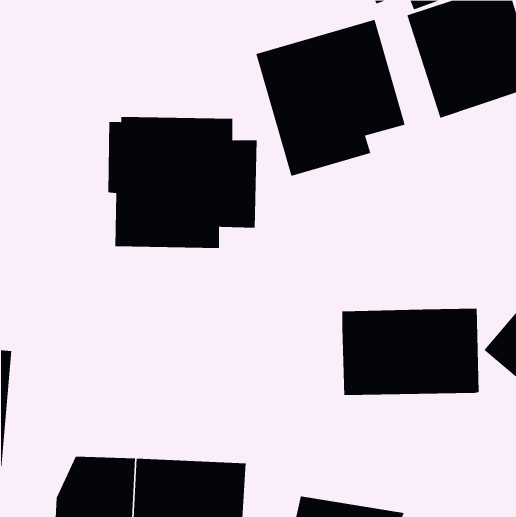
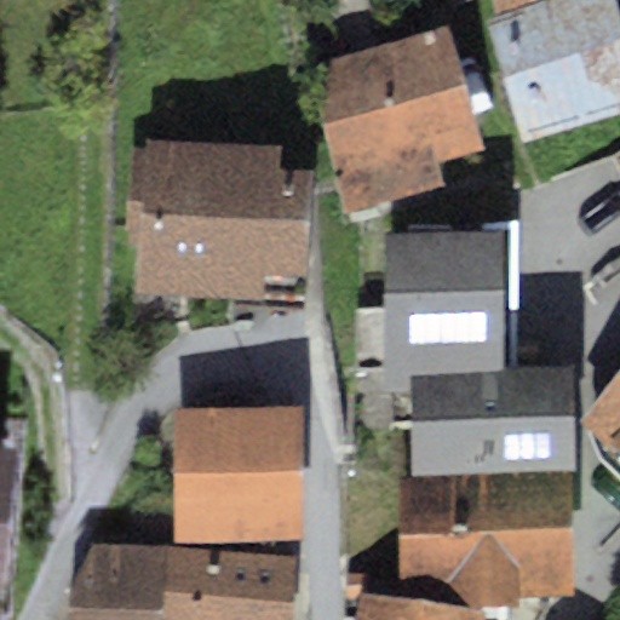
building: none -> [384,231,506,392]
building: none -> [173,406,305,542]
building: none -> [397,471,573,604]

